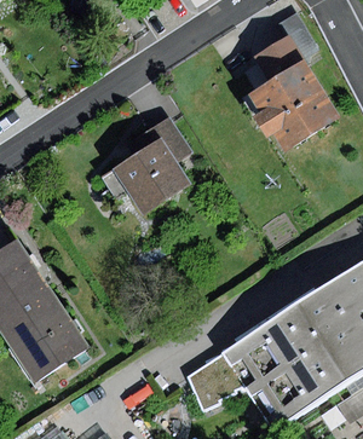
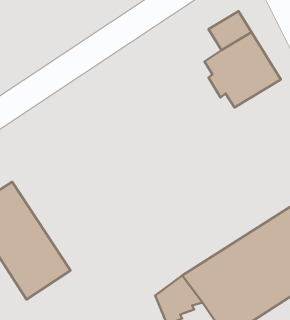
building: [100,139,188,213] -> none

